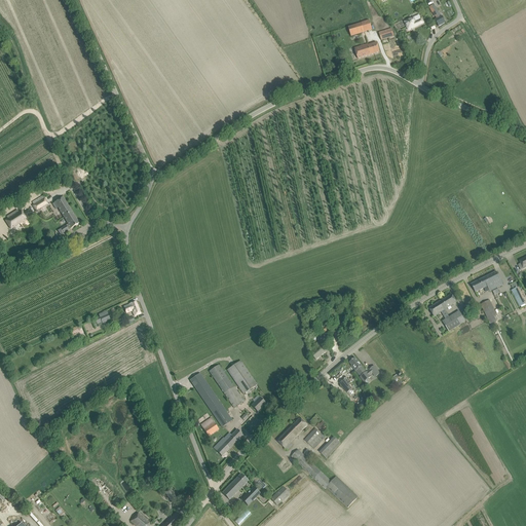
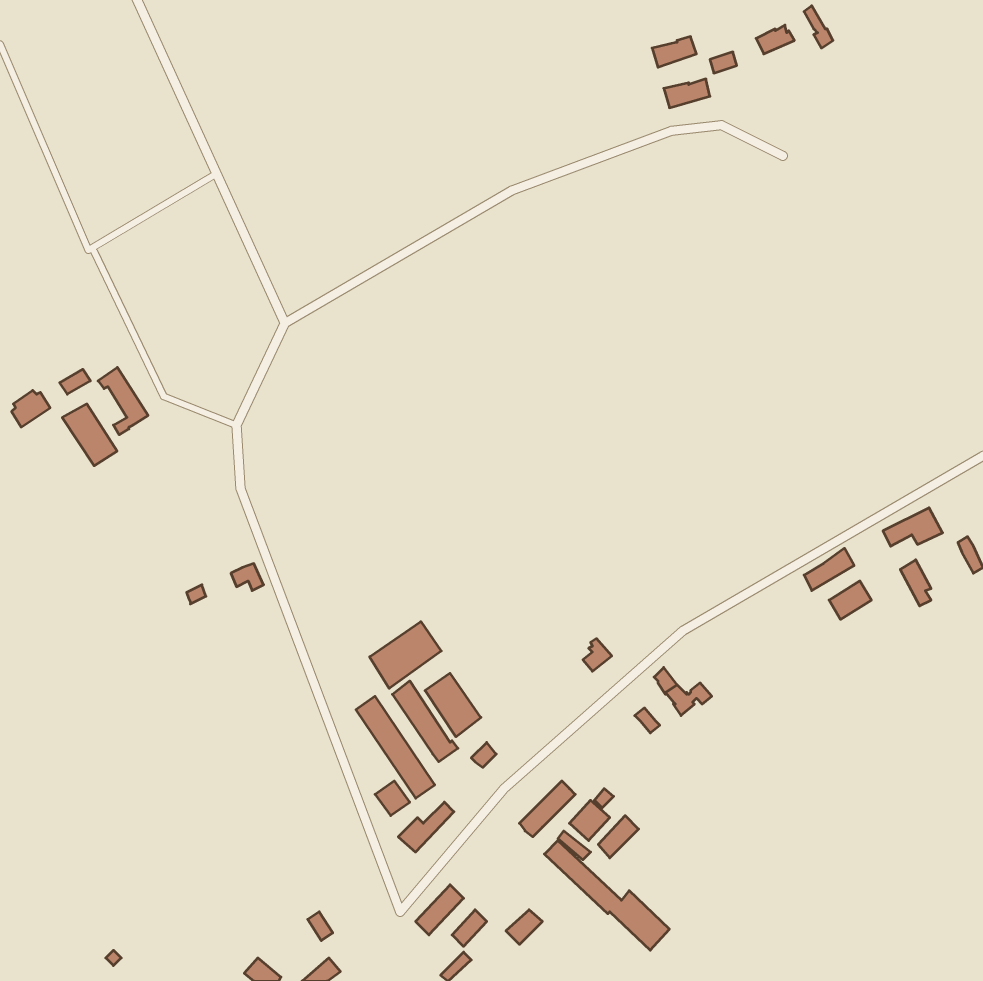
building: none -> [62,404,117,466]
building: none -> [370,622,441,688]

